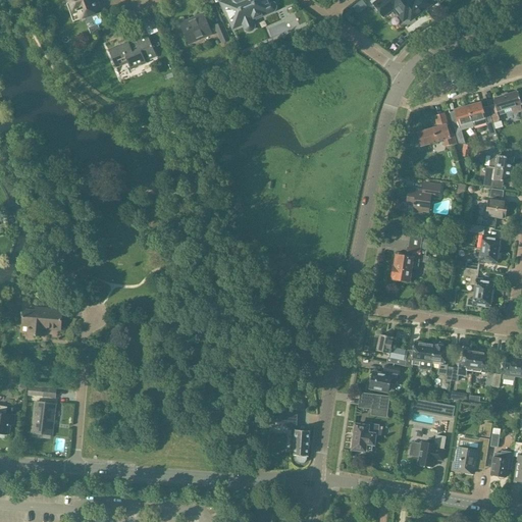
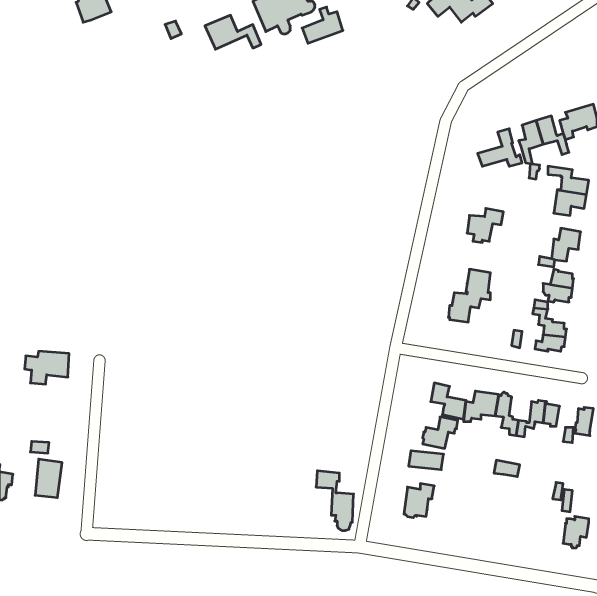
building: [107,34,155,68] -> none
building: [416,434,445,466] -> none
building: [452,438,484,472] -> none

